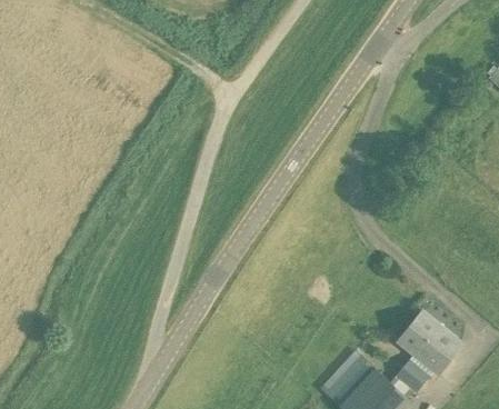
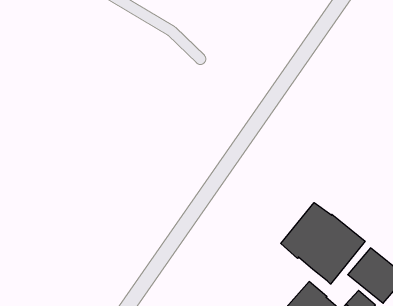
building: none -> [281,203,365,284]

